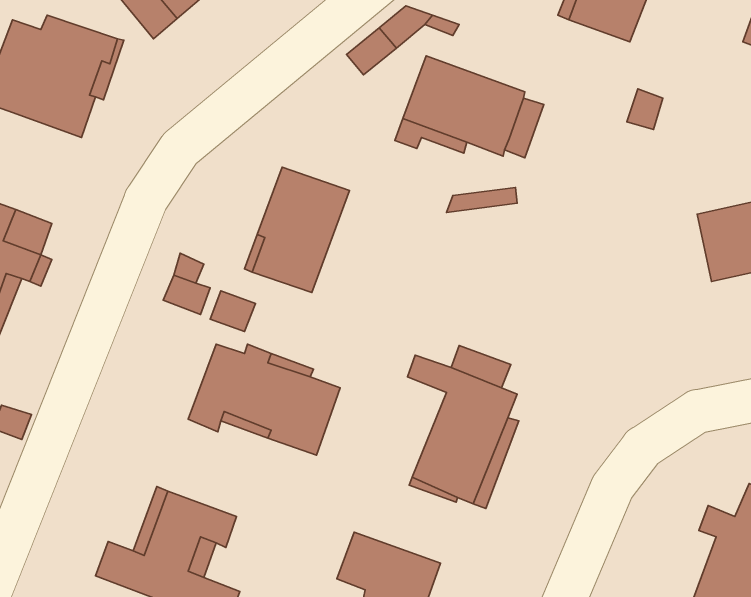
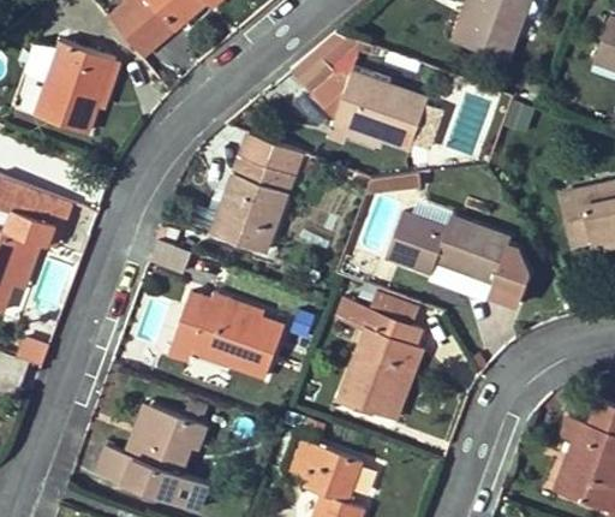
building: none -> [241,135,301,176]
building: none -> [387,213,531,304]

